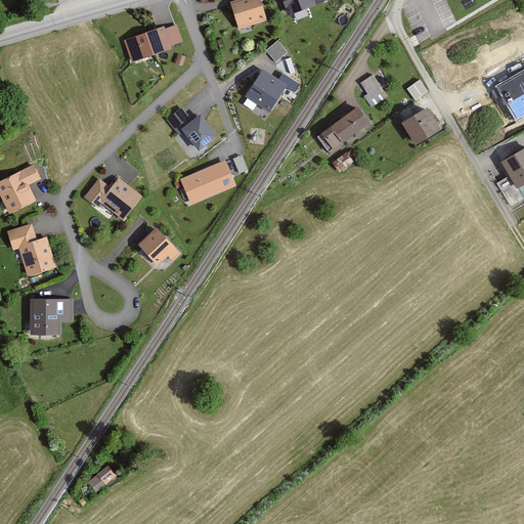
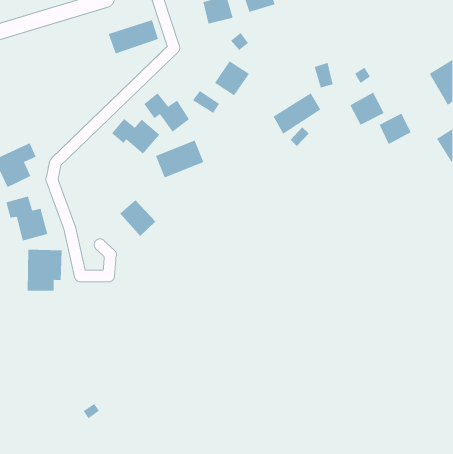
building: none -> [192,90,220,114]
building: none -> [379,113,412,145]
building: [85,178,141,220] -> [111,118,160,155]

